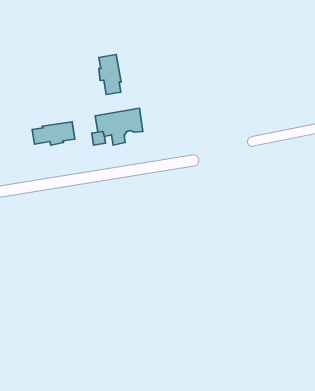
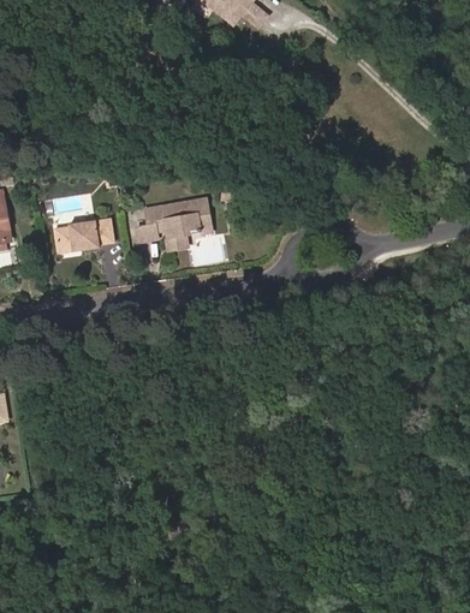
building: [99,55,121,94] -> none

